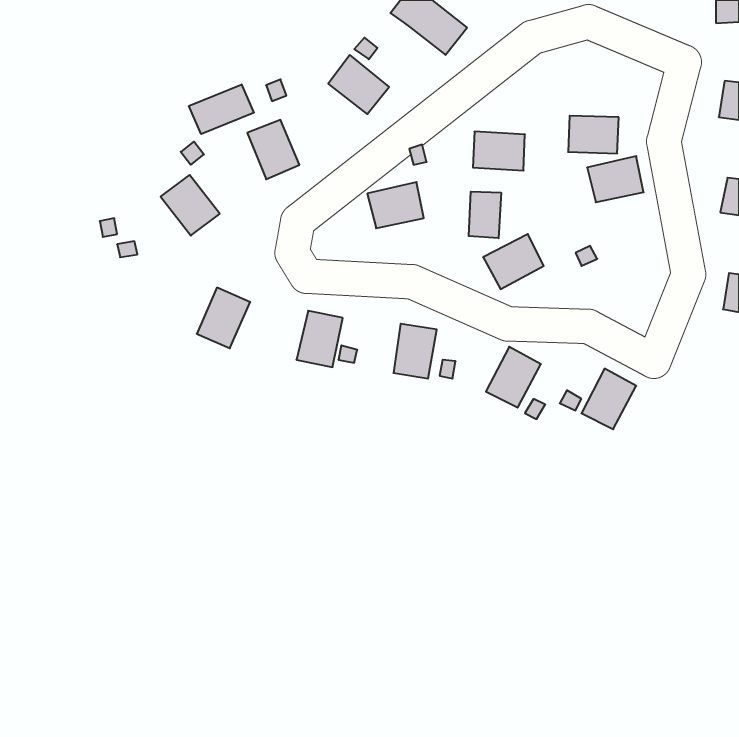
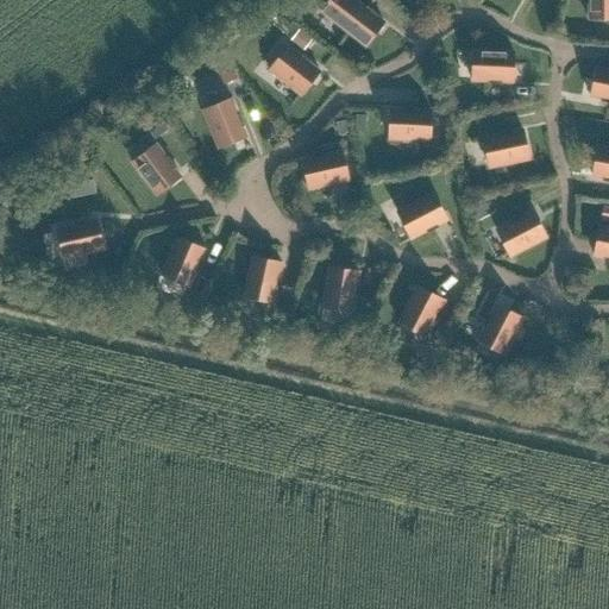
building: [189,84,254,134] -> none
building: [568,116,619,153] -> [472,51,514,82]
building: [469,192,501,238] -> none
building: none -> [497,212,547,257]
building: none -> [57,220,103,258]

